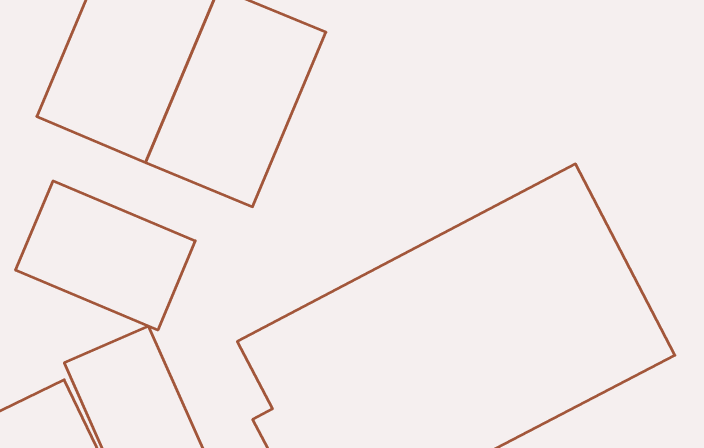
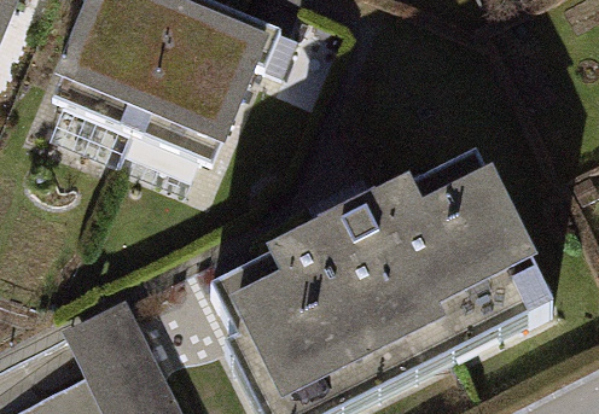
building: [16,181,195,330] -> none

